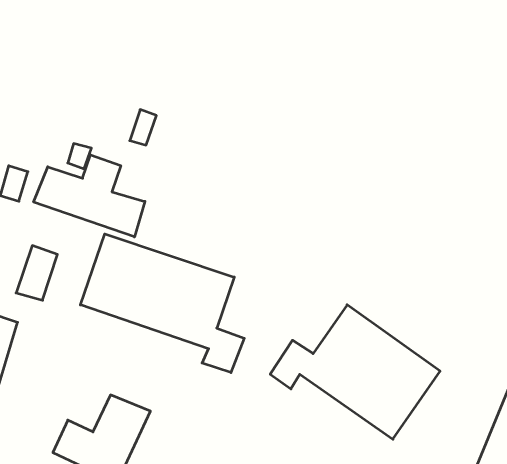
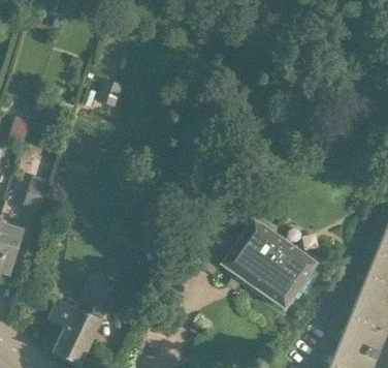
building: [34,155,145,237] -> none
building: [80,234,244,373] -> none

